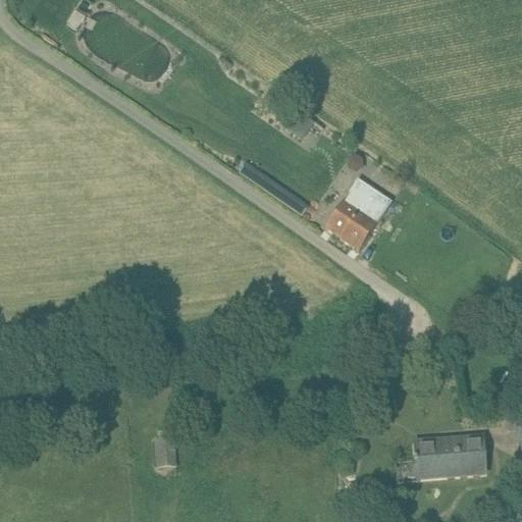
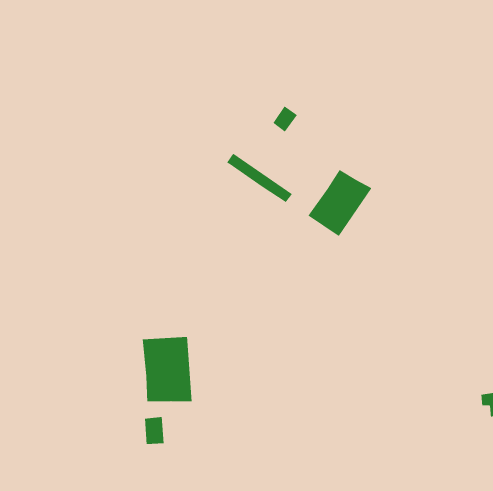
building: none -> [142,336,192,402]
building: [414,436,486,477] -> none

